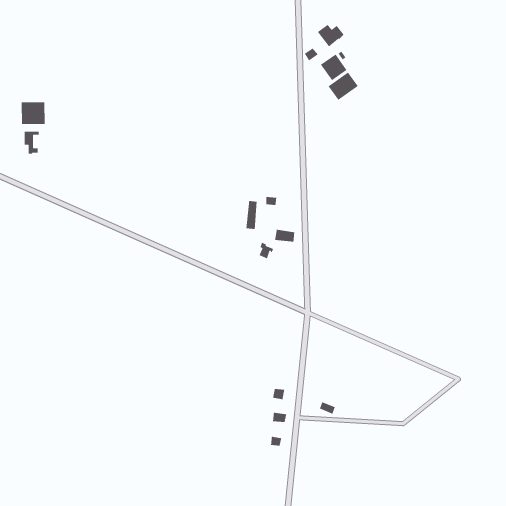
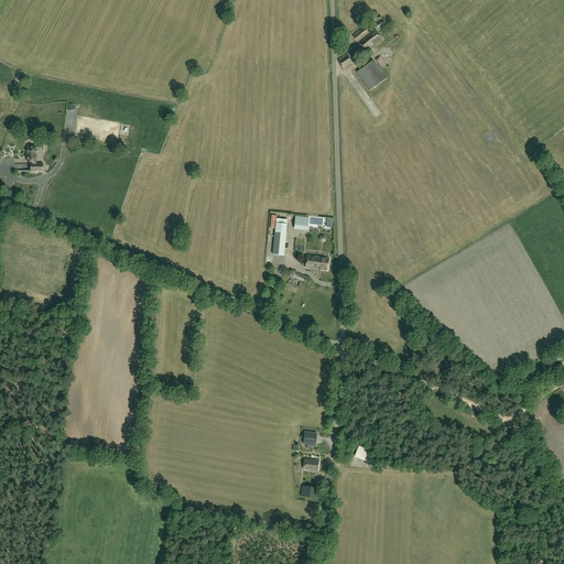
building: [328,72,359,101] -> none
building: [21,101,46,125] -> none

